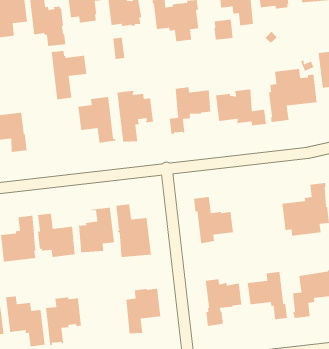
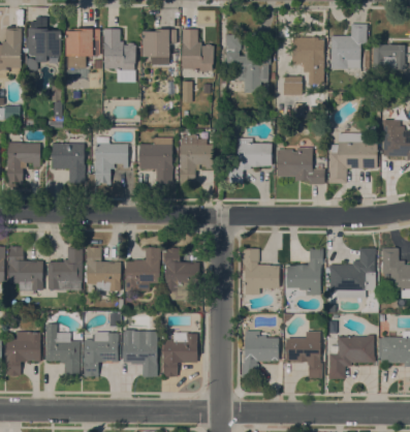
building: [51,50,87,100] -> [95,136,128,185]
building: none -> [286,248,322,295]
building: none -> [123,329,157,376]

